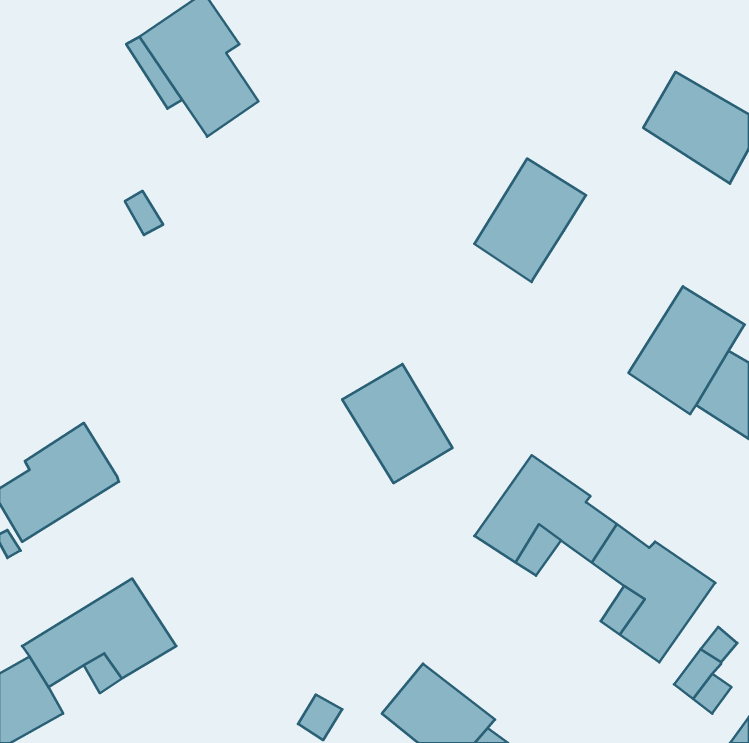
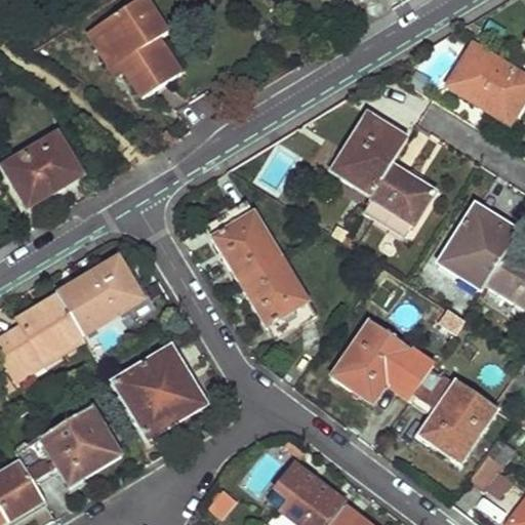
building: none -> [4,134,80,205]
building: none -> [371,161,436,225]
building: none -> [204,198,281,279]
building: none -> [57,257,142,333]
building: none -> [114,345,205,437]

